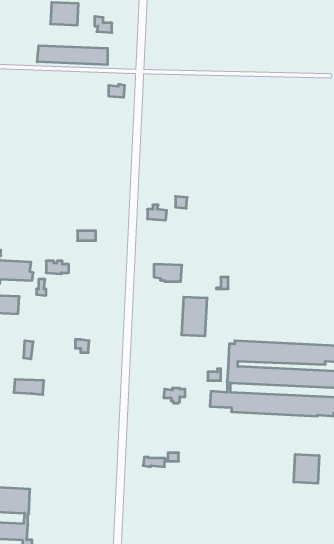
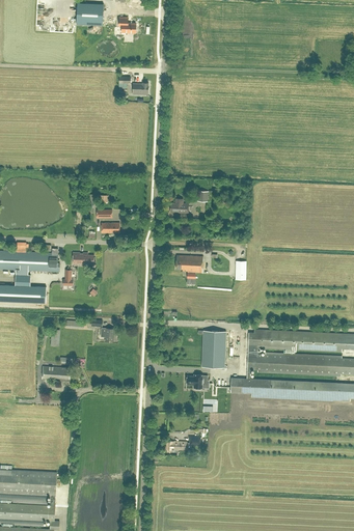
building: [37,46,108,65] -> none
building: [181,297,207,336] -> [200,330,225,367]
building: [294,454,319,483] -> none

